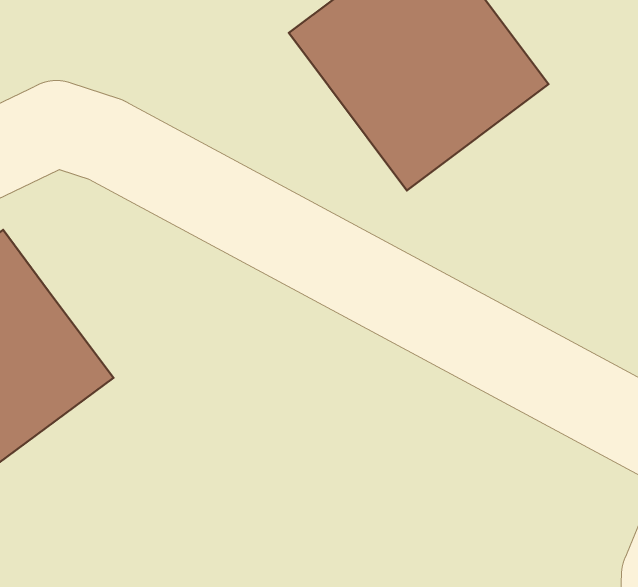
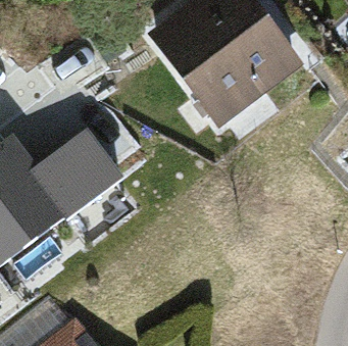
building: none -> [35,131,121,215]

